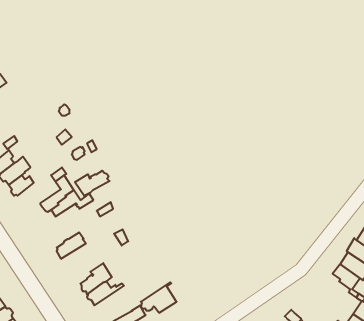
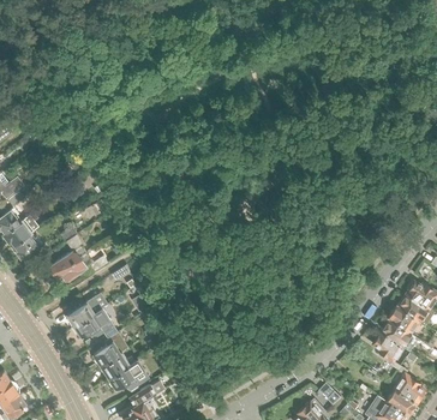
building: [75,171,110,196] -> none
building: none -> [71,310,109,338]
building: [141,282,177,313] -> [108,358,148,391]

